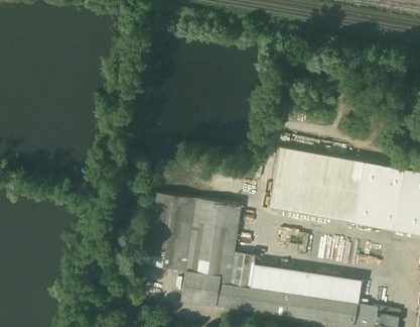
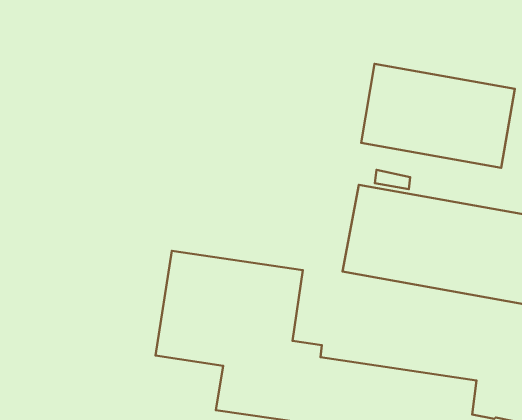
building: none -> [361,64,515,168]

